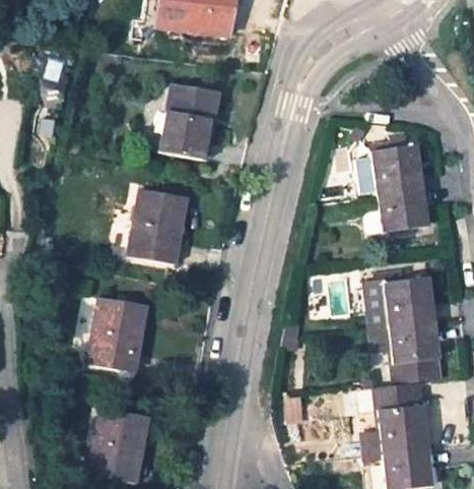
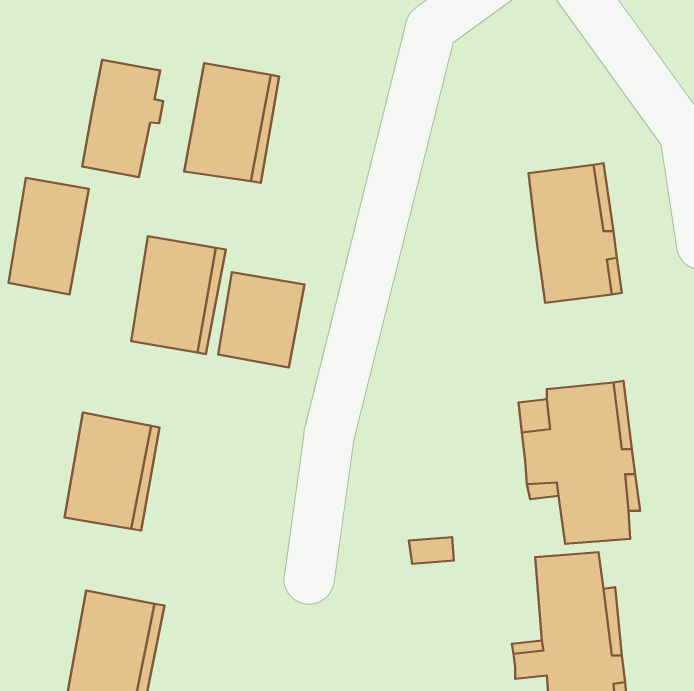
building: none -> [82,60,163,177]
building: none -> [9,178,89,294]
building: none -> [218,272,305,367]

